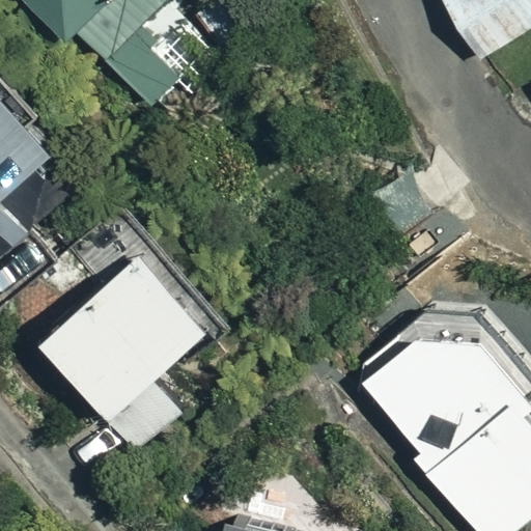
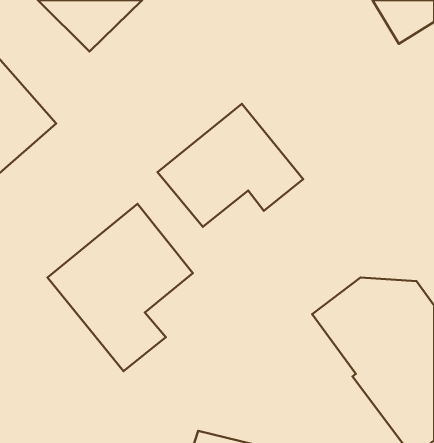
building: none -> [157,104,303,227]

